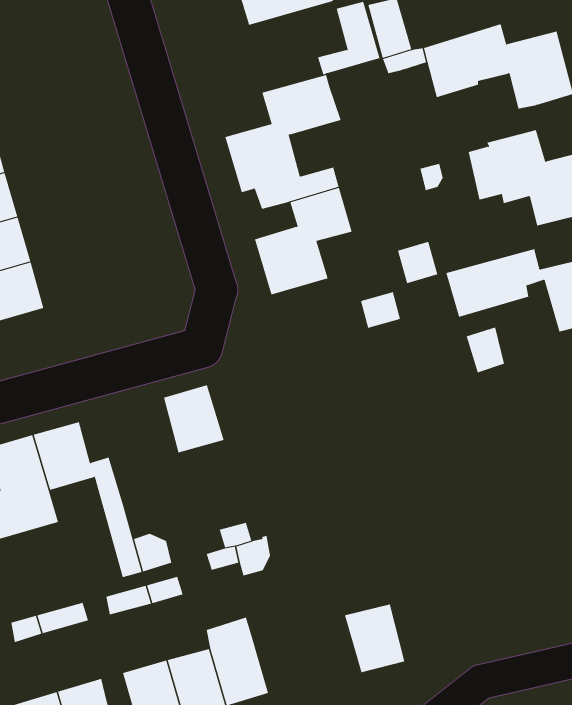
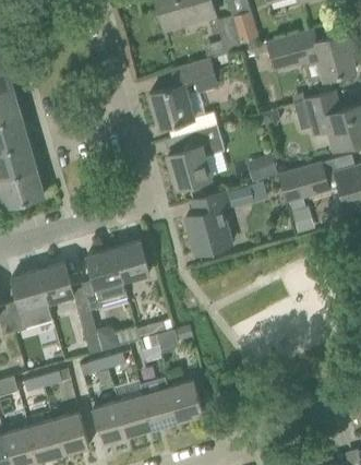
building: none -> [185,191,230,253]
building: none -> [82,248,128,311]
building: [344,604,405,673] -> [166,381,202,421]

